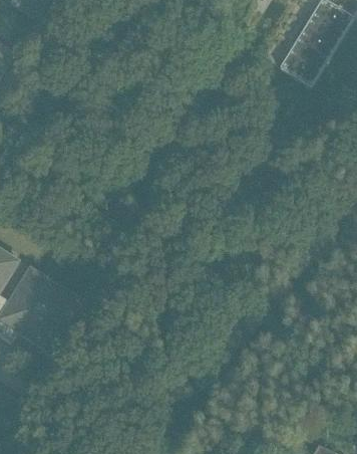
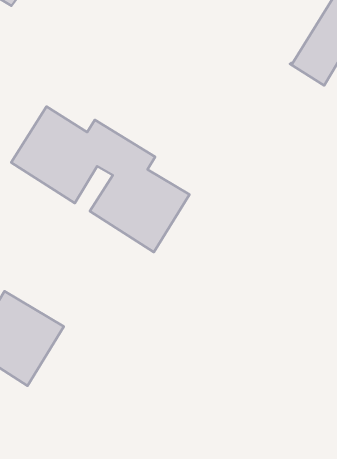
building: none -> [11,107,190,252]

